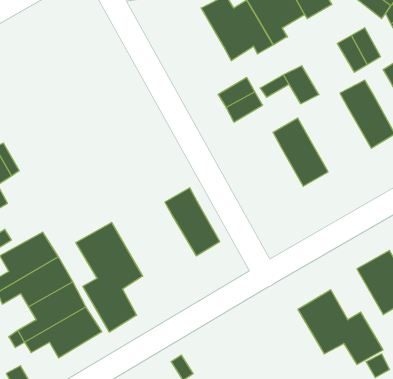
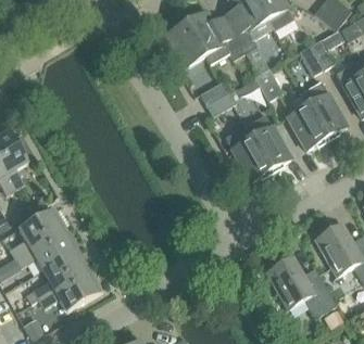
building: none -> [165,22,205,67]
building: none -> [288,104,327,149]
building: [165,188,220,256] -> [225,125,271,181]
building: [76,222,143,332] -> none

